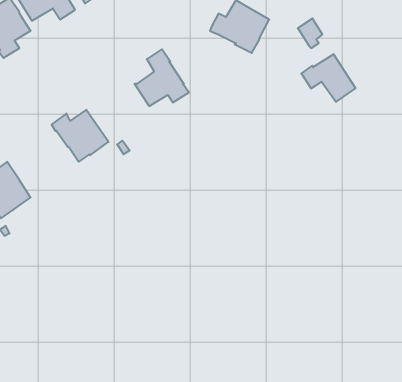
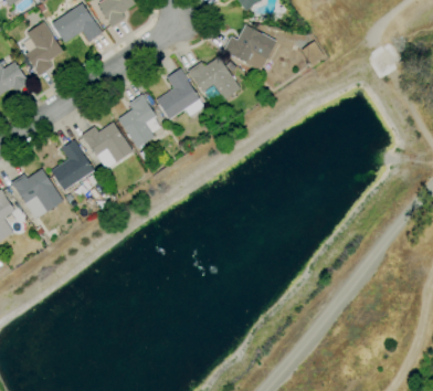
building: none -> [188,56,241,106]
building: [301,54,355,102] -> none
building: none -> [118,94,160,148]
building: none -> [51,140,101,193]

